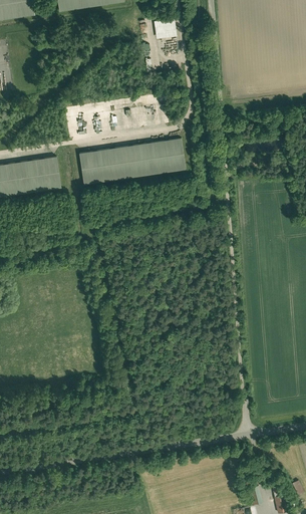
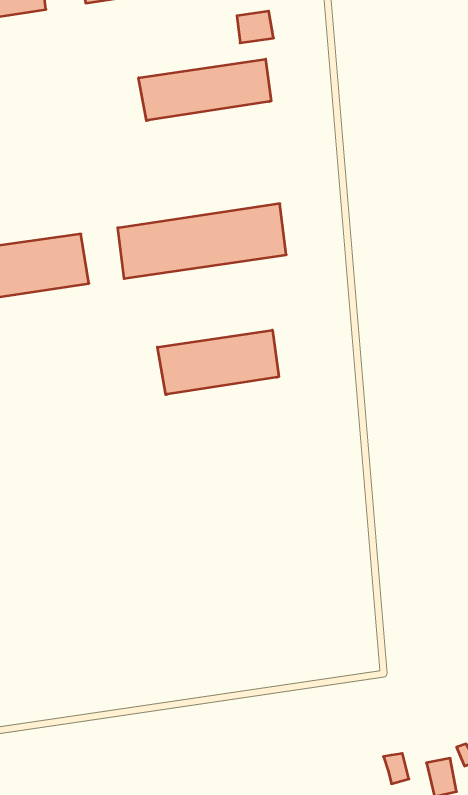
building: none -> [139,59,271,121]
building: none -> [157,330,279,395]

